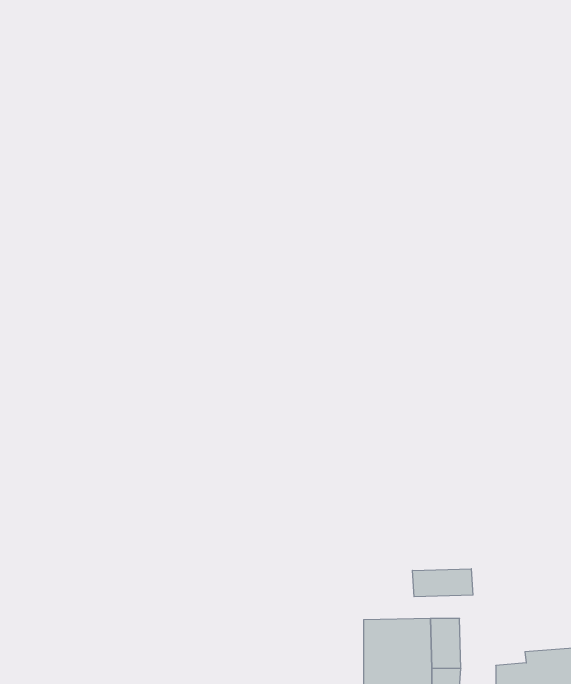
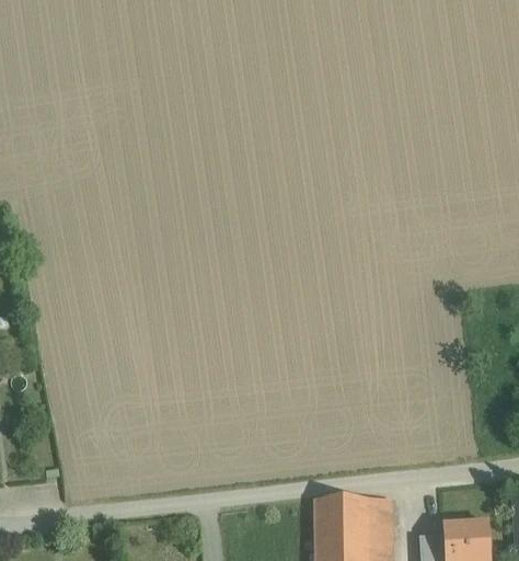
building: [412,569,473,597] -> none

